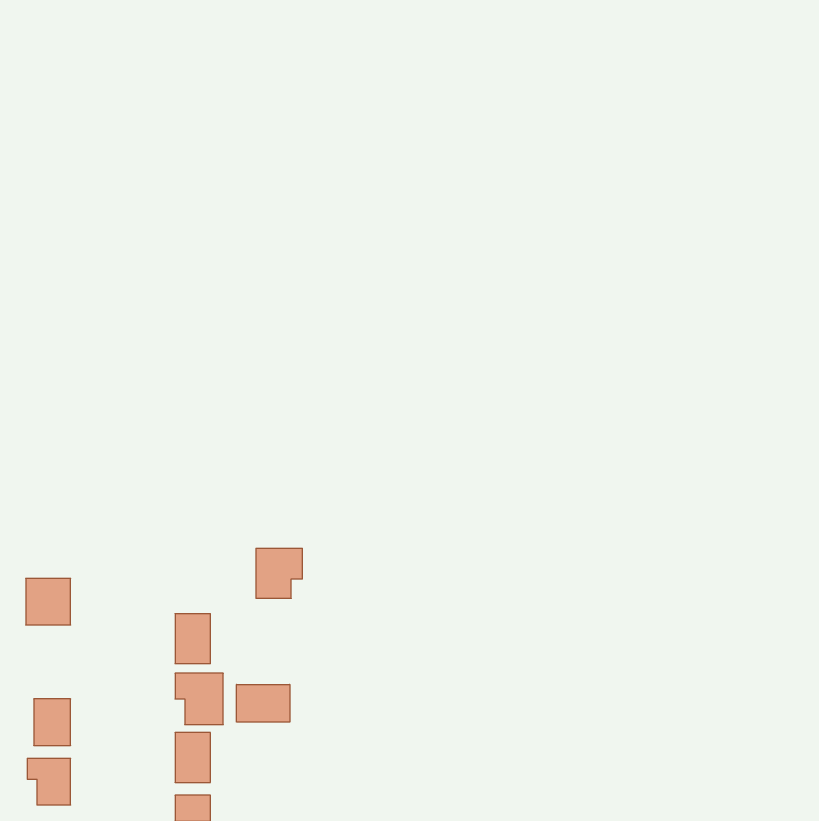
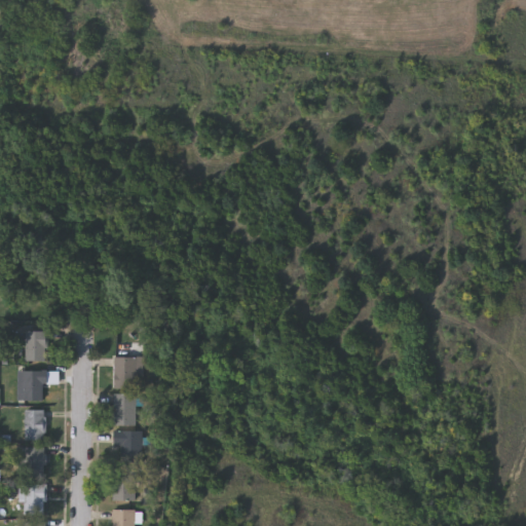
building: none -> [26,331,46,361]
building: [256,548,302,598] -> [113,356,143,388]
building: none -> [26,410,46,439]
building: [237,684,290,722] -> none

